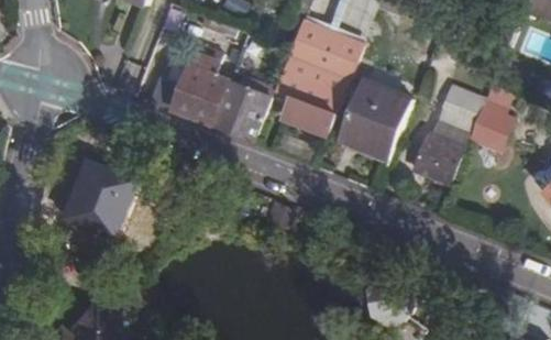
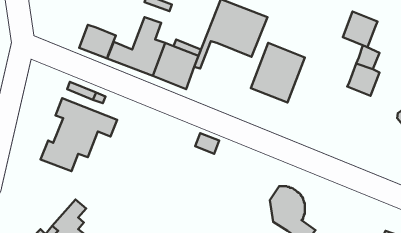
building: none -> [79,25,116,58]
building: [280,79,341,134] -> none
building: [437,86,483,133] -> [343,11,378,47]
building: [412,134,463,183] -> none

